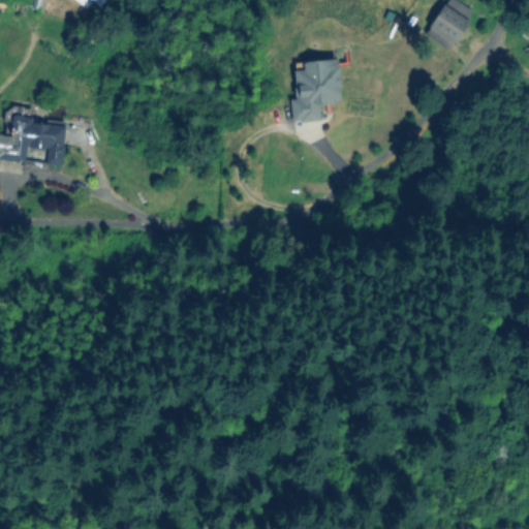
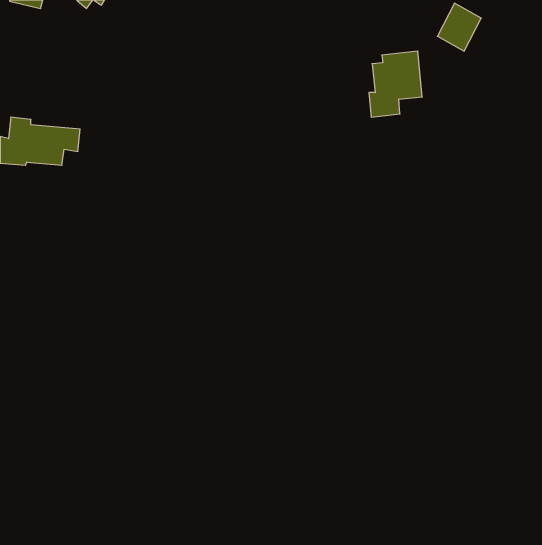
building: [291,57,343,121] -> [369,51,422,117]

